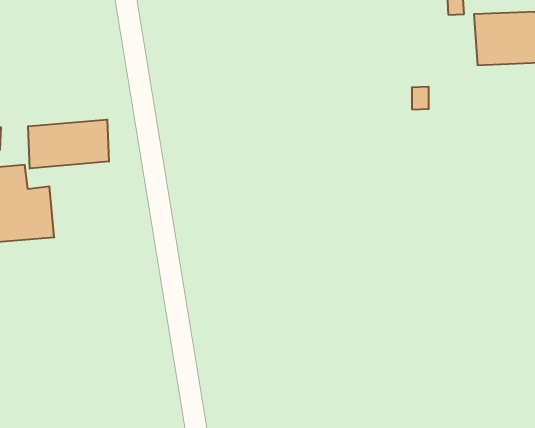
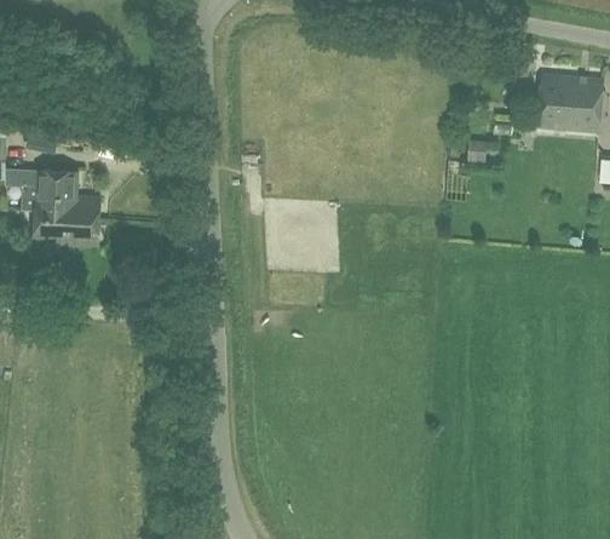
building: [28,119,109,169] -> none

